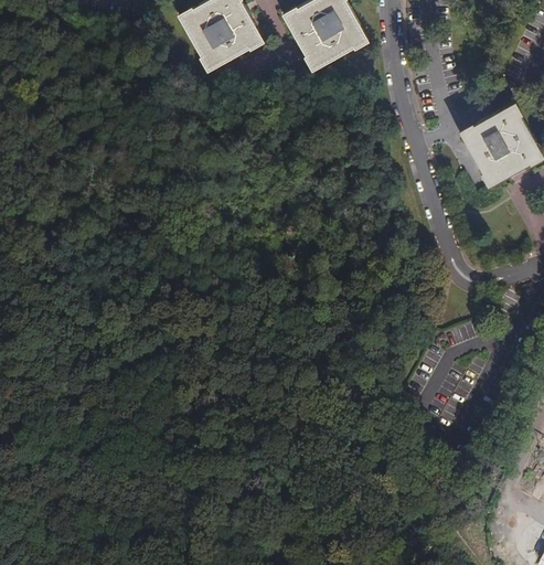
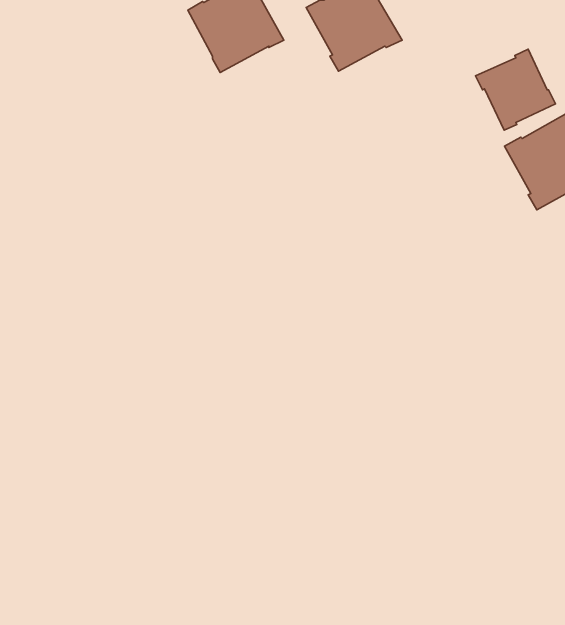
building: none -> [476,49,555,130]

